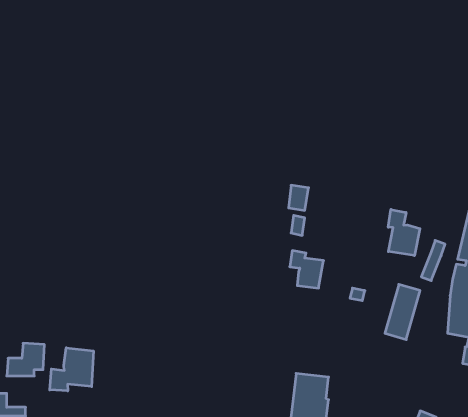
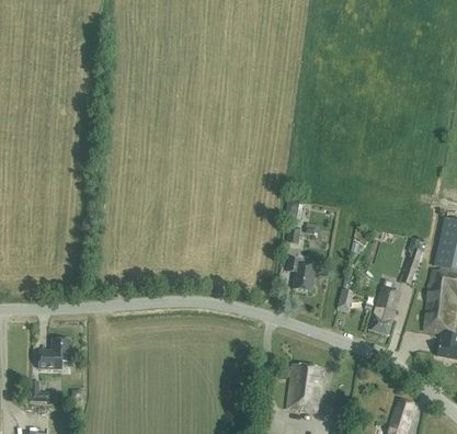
building: [388,209,420,256] -> none
building: [50,348,93,391] -> none

